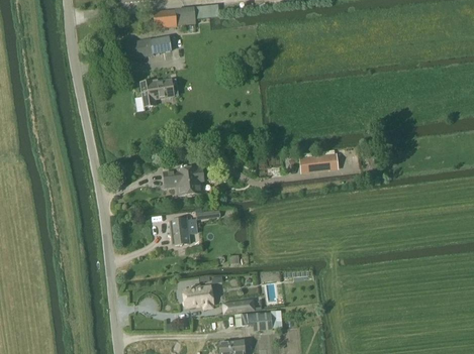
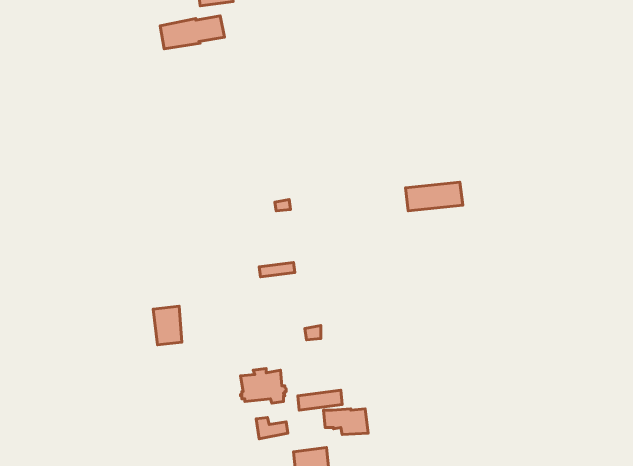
building: [141,79,175,106] -> none
building: [164,166,204,196] -> none
building: [170,218,190,245] -> [153,306,182,345]

